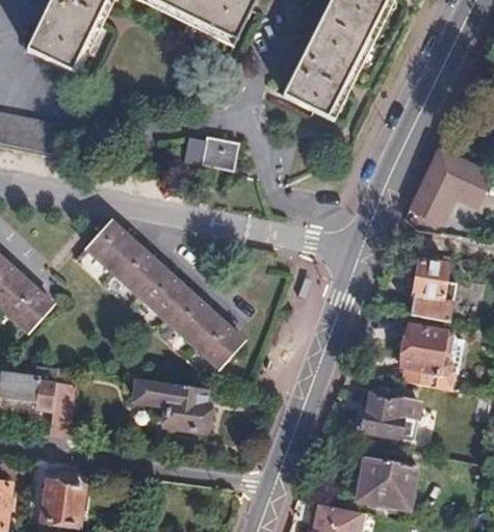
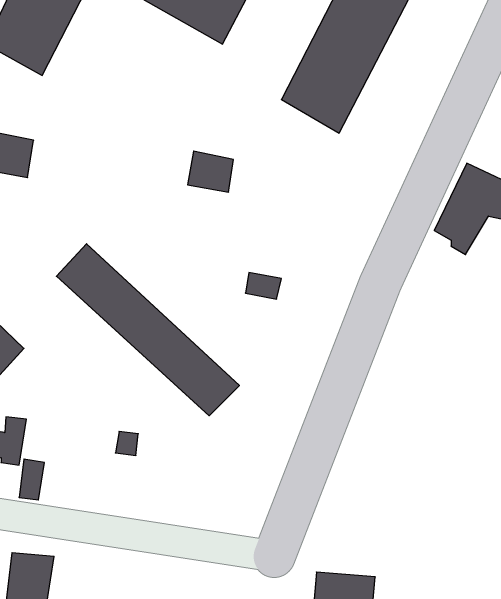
building: [410,261,456,322] -> none
building: [400,324,457,374] -> none
building: [165,384,209,432] -> none
building: [360,395,405,436] -> none
building: [357,458,418,511] -> none

